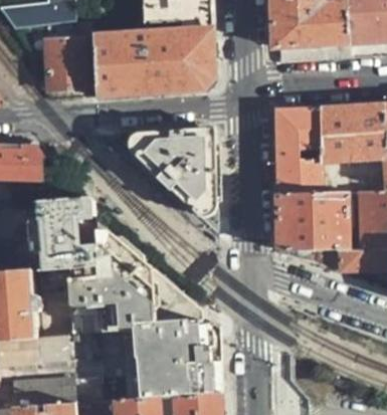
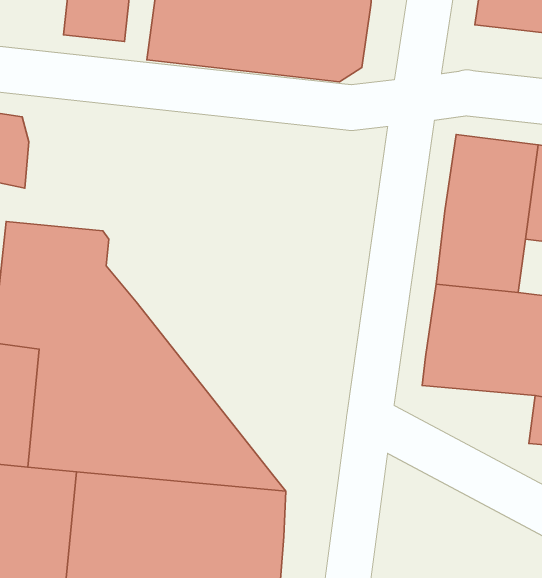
building: [133,130,214,216] -> none

